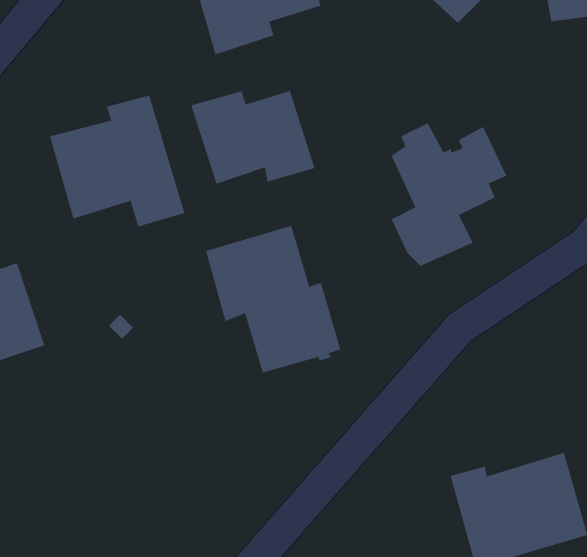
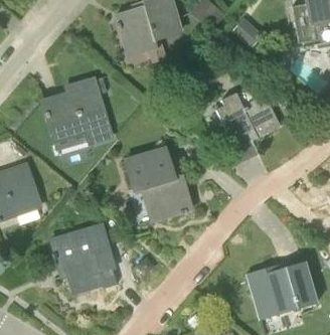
building: [190,90,315,185] -> none
building: none -> [51,223,121,293]

